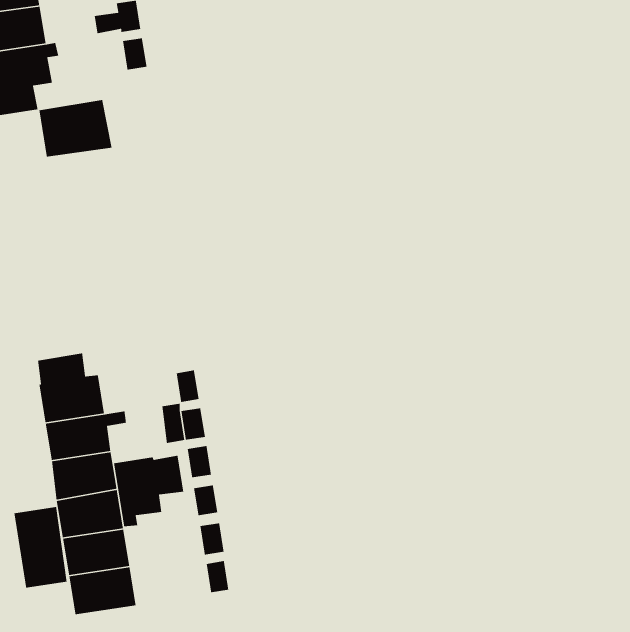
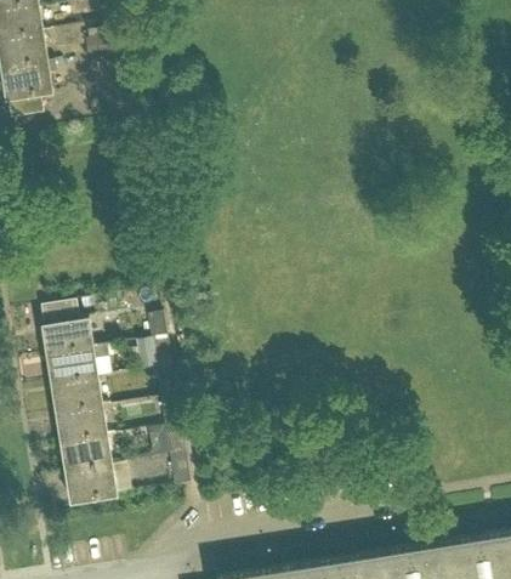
building: [39,99,113,157] -> none
building: [113,455,184,527] -> none
building: [14,506,67,588] -> none

